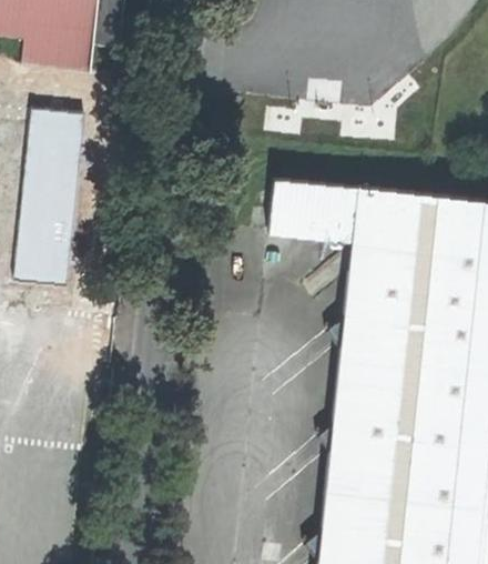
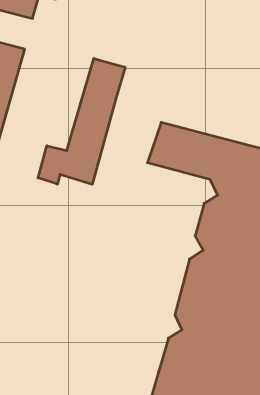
building: none -> [38,58,125,184]

